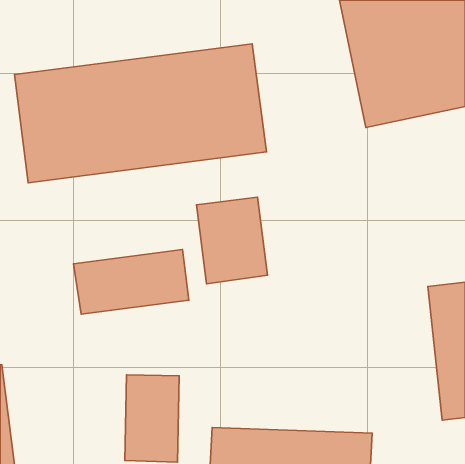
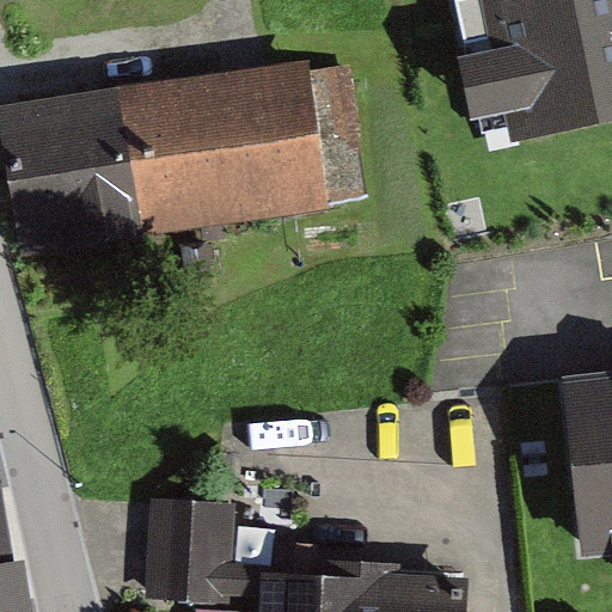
building: [196,197,268,284] -> none
building: [74,250,189,314] -> none

